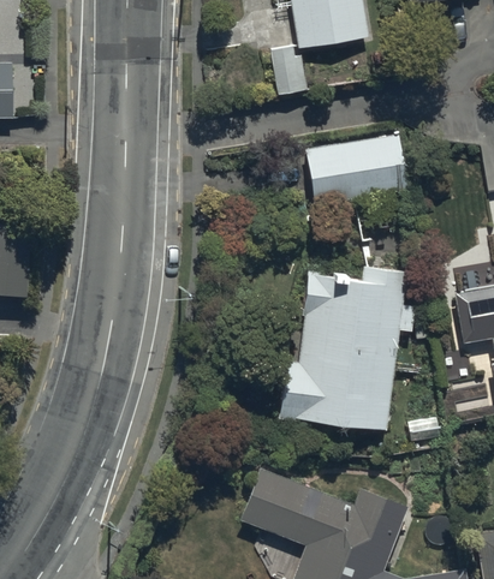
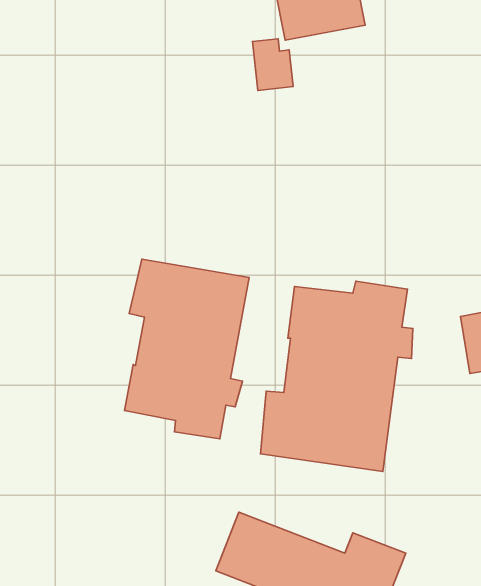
building: [303,133,407,204] -> none
building: none -> [125,259,249,439]

